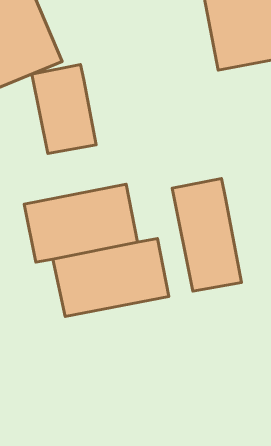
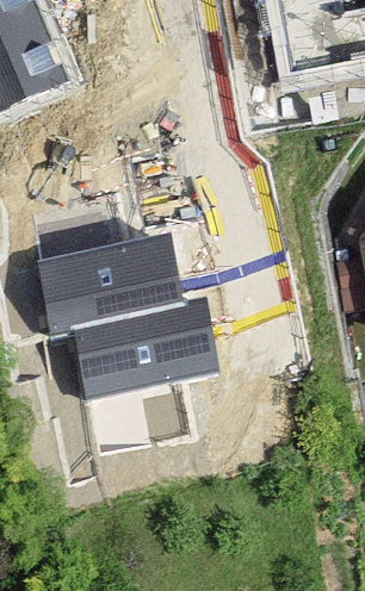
building: [32,64,96,153] -> none
building: [172,178,242,291] -> none

